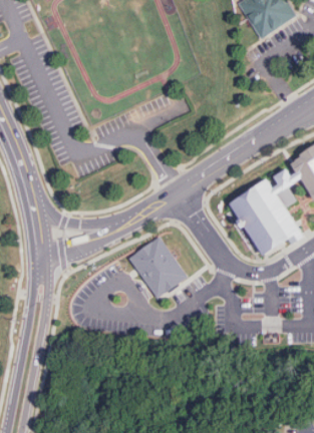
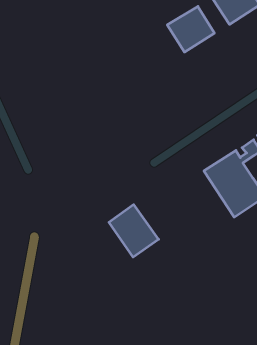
building: none -> [167,6,214,52]

